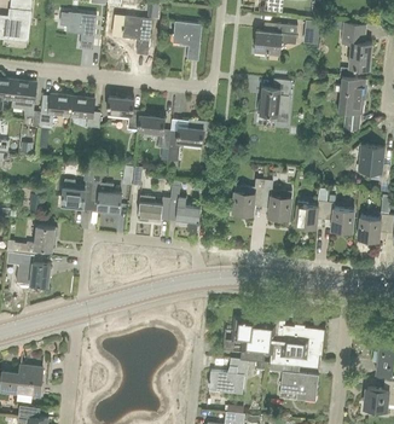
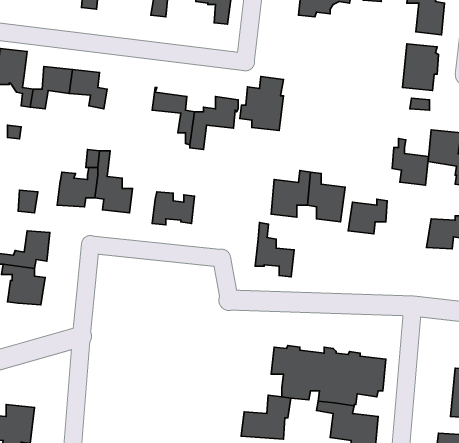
building: [256,79,291,122] -> [240,76,284,131]
building: [106,97,139,129] -> none
building: [168,185,199,228] -> [255,223,294,277]
building: [324,194,353,232] -> [392,138,428,185]

